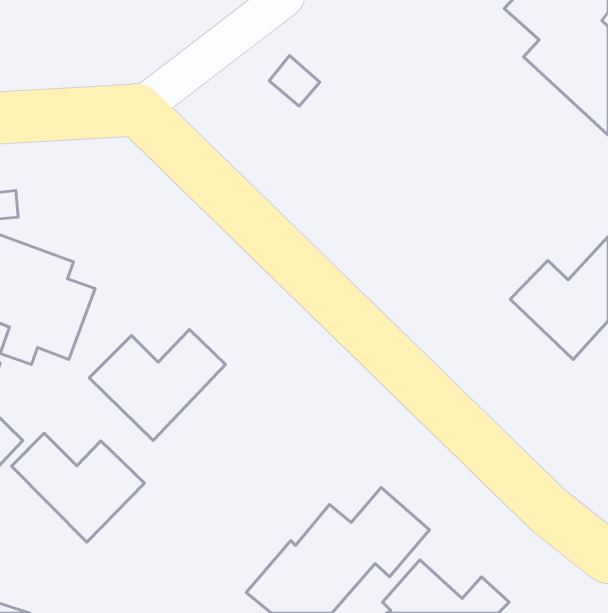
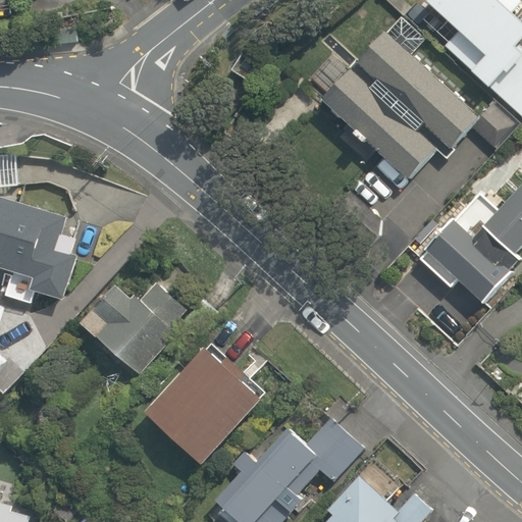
building: none -> [332,35,493,195]
building: none -> [144,344,265,466]
building: [11,433,145,542] -> none

